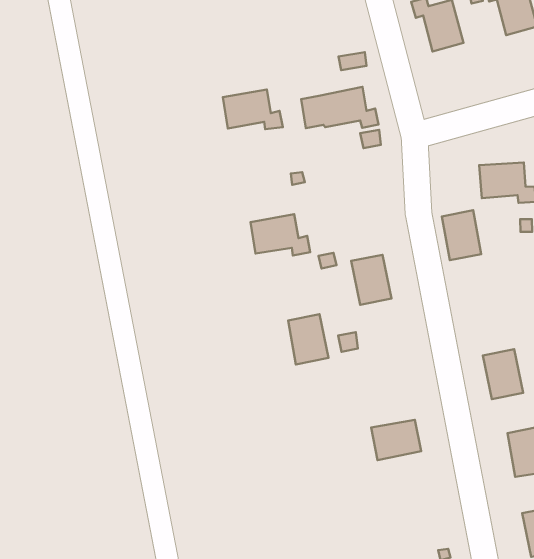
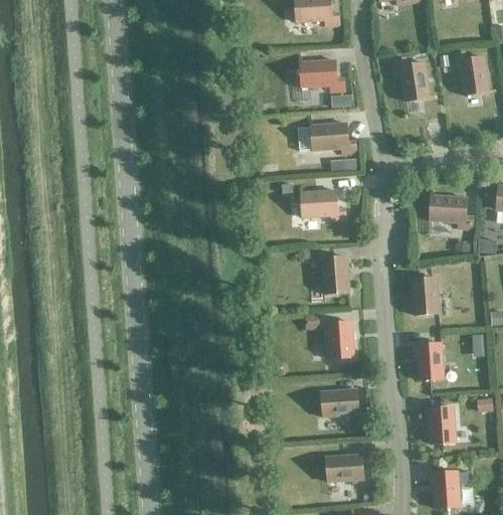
building: [223,89,283,129] -> [300,59,344,91]
building: [442,210,481,260] -> [411,277,439,314]
building: [250,214,310,255] -> [301,189,345,221]
building: [288,314,328,364] -> [326,321,354,358]
building: none -> [326,454,362,481]

